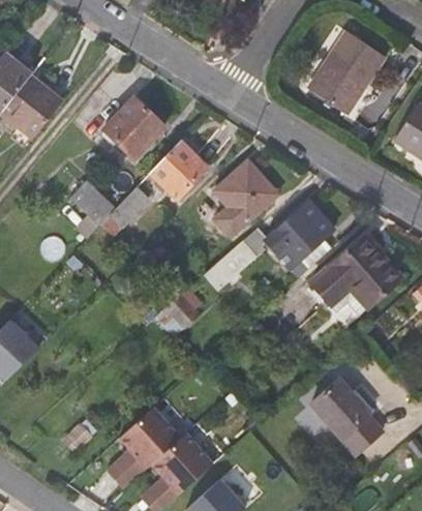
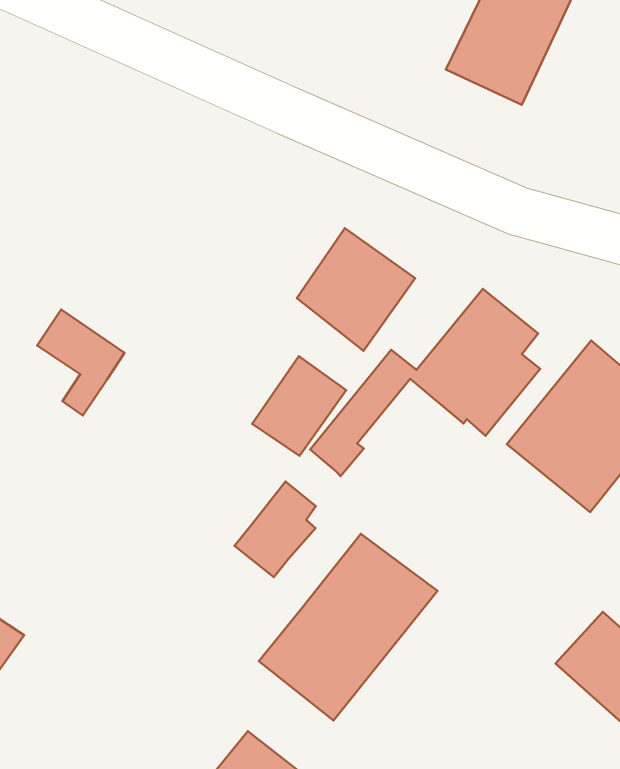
building: [104,97,165,158] -> none
building: [155,145,207,197] -> [252,356,346,456]
building: [106,190,147,232] -> none
building: none -> [259,534,438,721]

